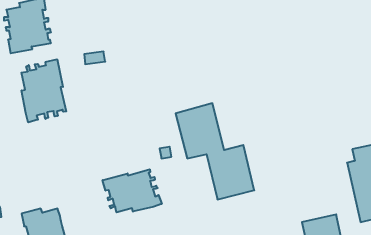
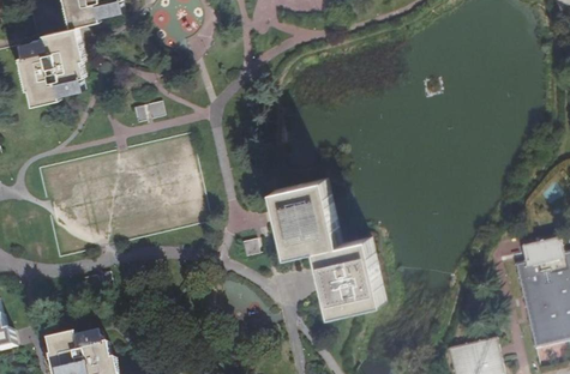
building: [21,59,66,122] -> none
building: [103,169,162,212] -> none

